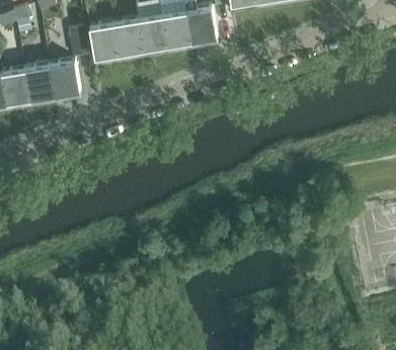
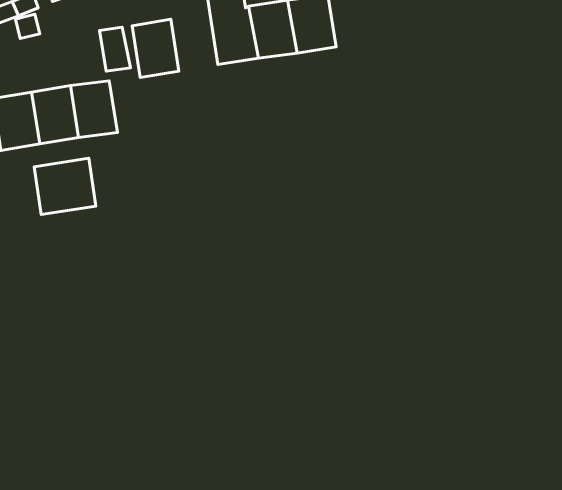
building: [112,19,142,56] -> none
building: none -> [34,158,96,215]

